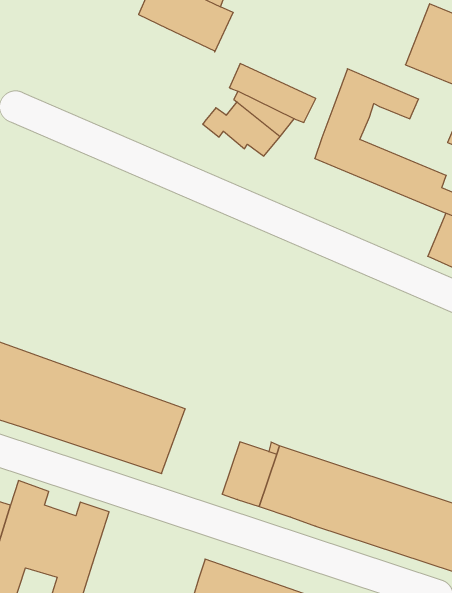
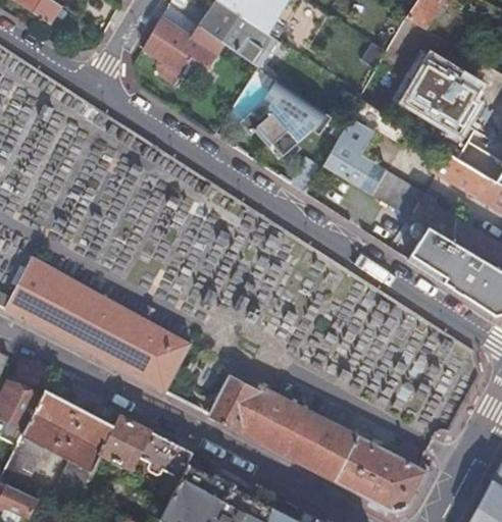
building: none -> [144,17,223,85]
building: none -> [99,415,193,478]

